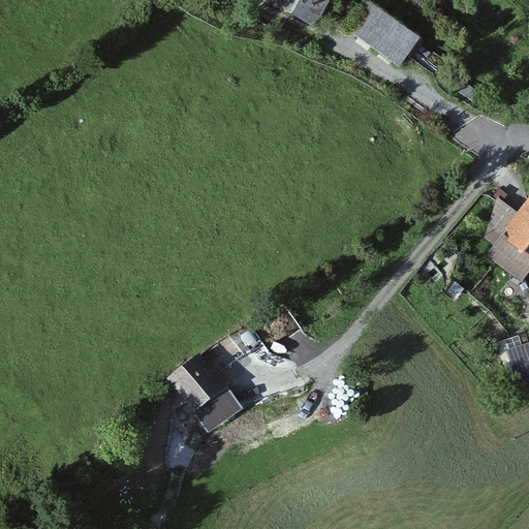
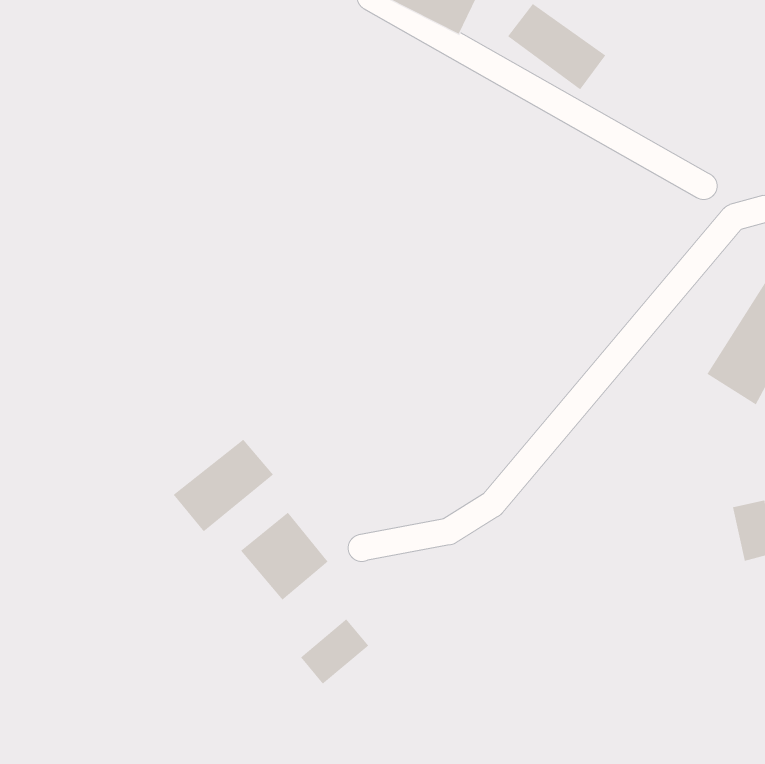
building: none -> [173,439,274,532]
building: [195,386,243,432] -> [300,619,369,685]

